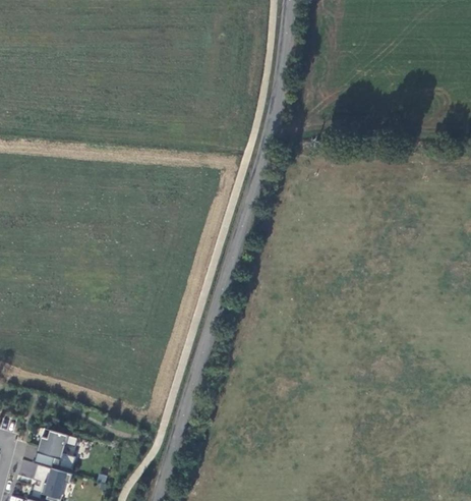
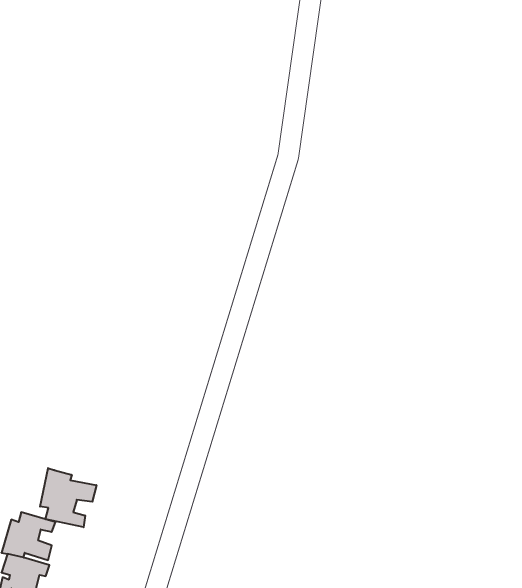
building: none -> [40,468,96,527]

